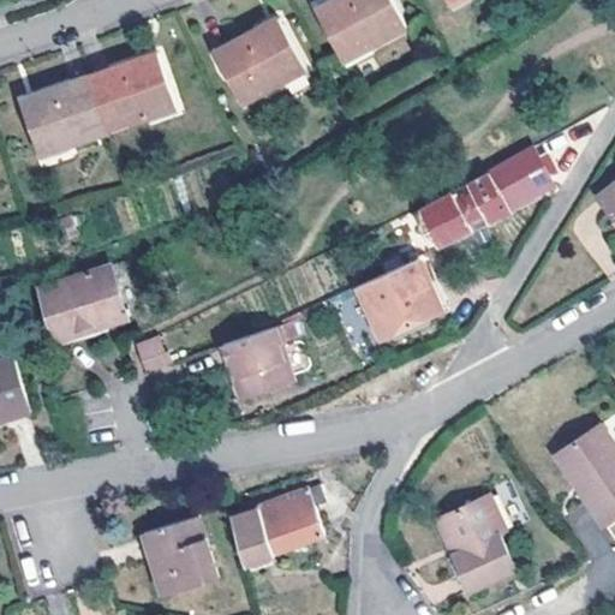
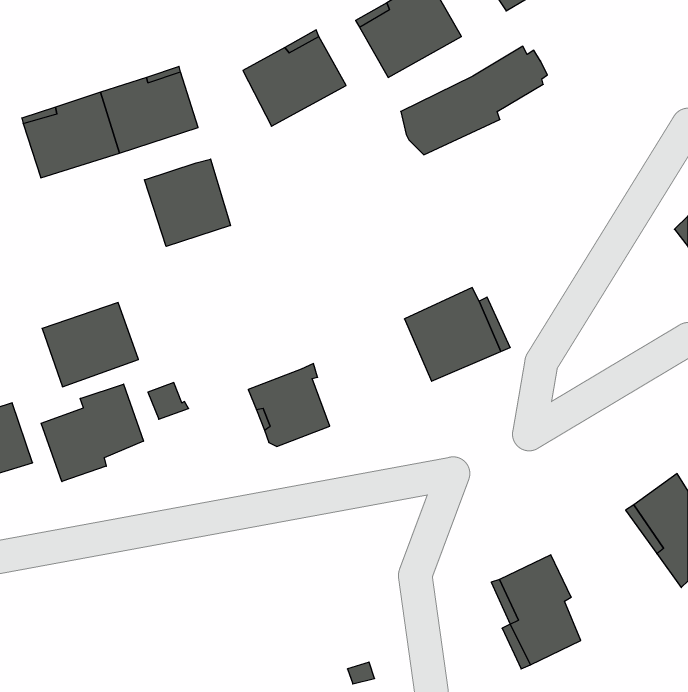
building: none -> [144,159,230,246]
building: [419,149,549,245] -> [401,46,547,155]
building: none -> [41,384,143,482]
building: [231,488,322,565] -> none
building: [142,514,215,592] -> none

